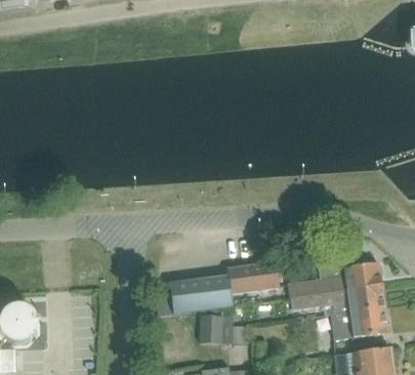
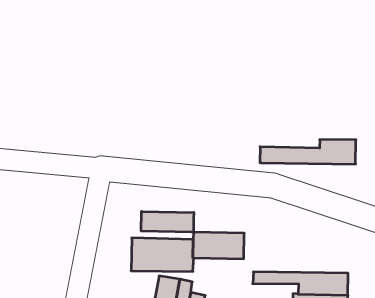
building: none -> [141,211,194,232]
building: [287,262,381,298] -> [260,140,356,164]

